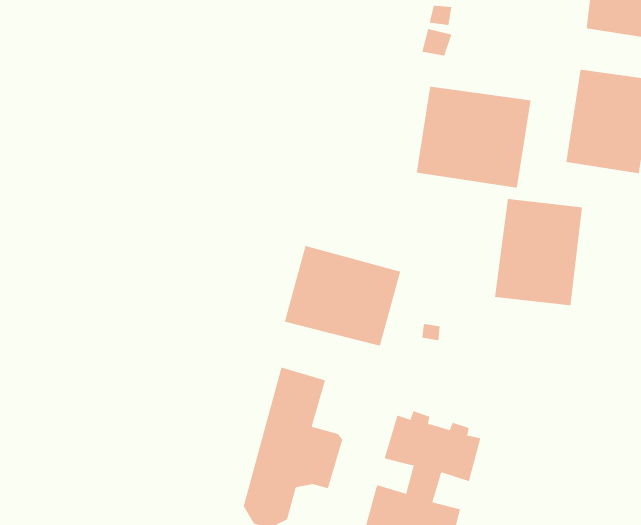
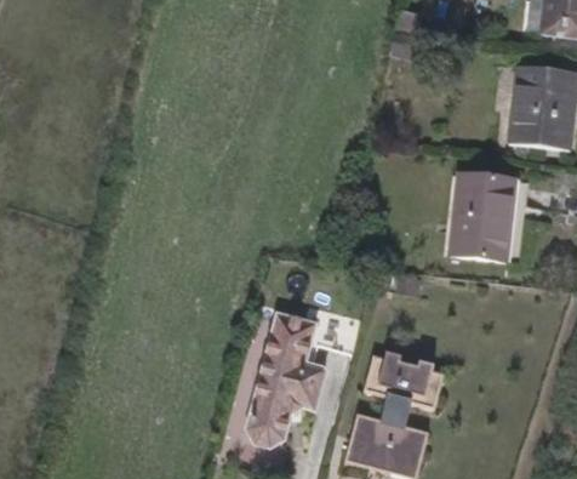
building: [416,86,531,189] -> none
building: [284,245,401,346] -> none

